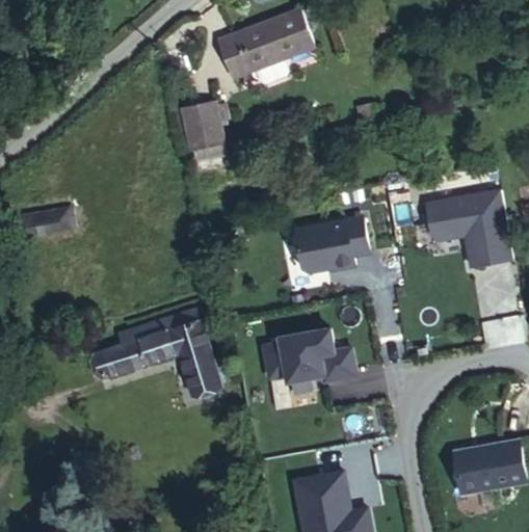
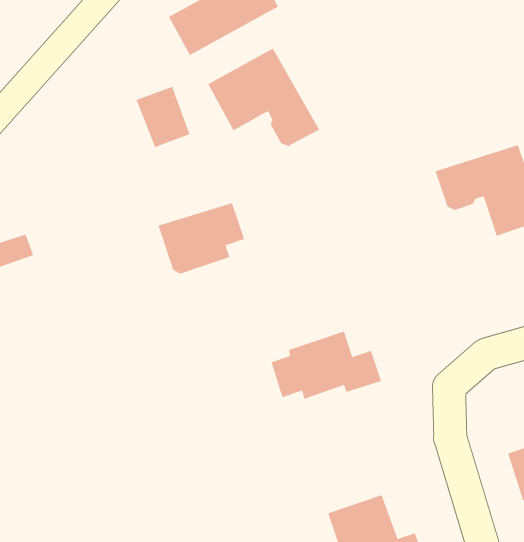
building: none -> [207,47,320,147]
building: [296,219,369,274] -> [157,202,245,274]
building: [95,312,219,394] -> none

